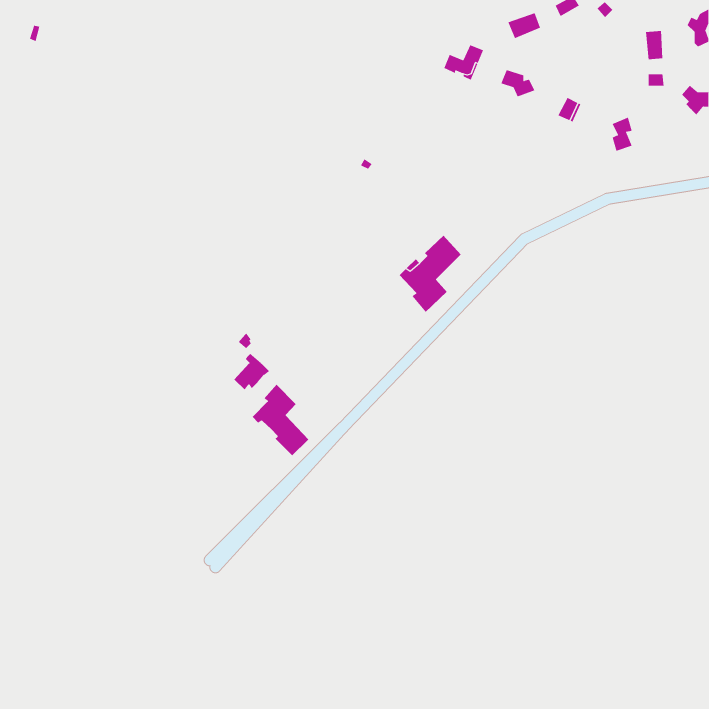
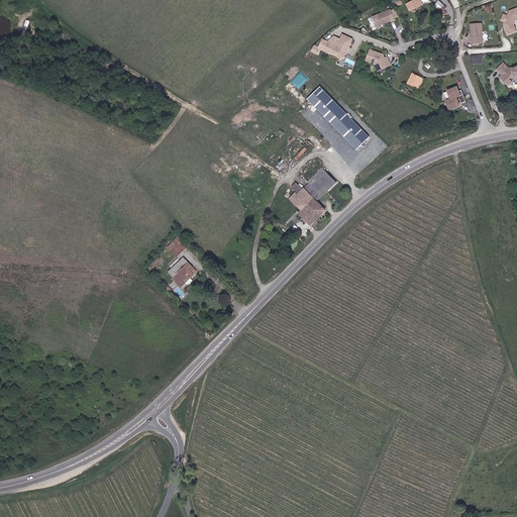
building: none -> [306,86,369,147]
building: [252,384,309,456] -> none

